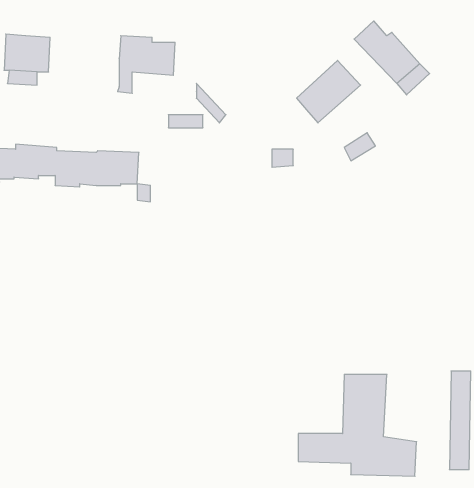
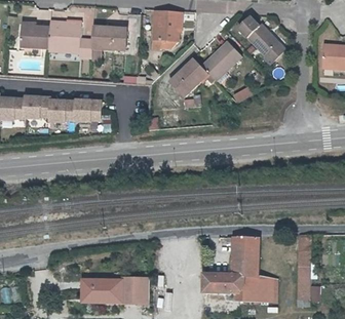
building: none -> [152,11,181,50]
building: none -> [47,21,91,57]
building: none -> [171,57,208,94]
building: none -> [80,277,151,304]

